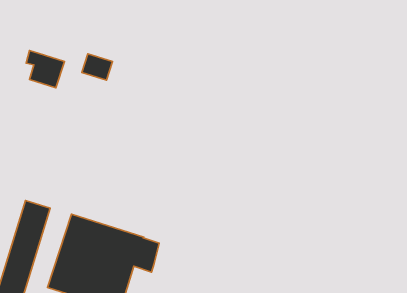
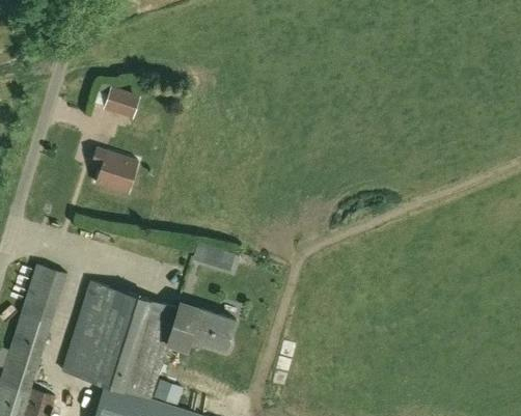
building: [26,50,64,88] -> [90,146,137,192]
building: none -> [193,308,238,352]

